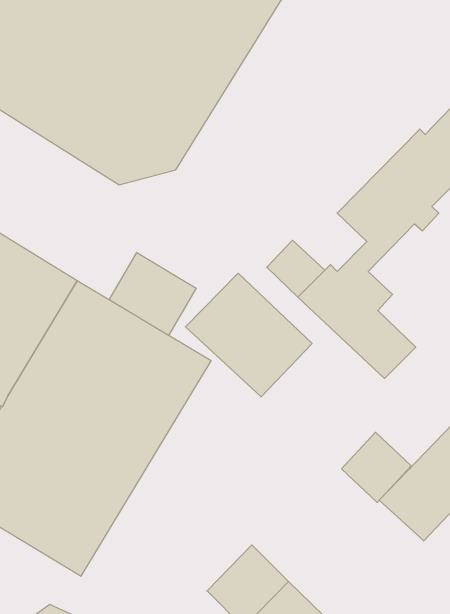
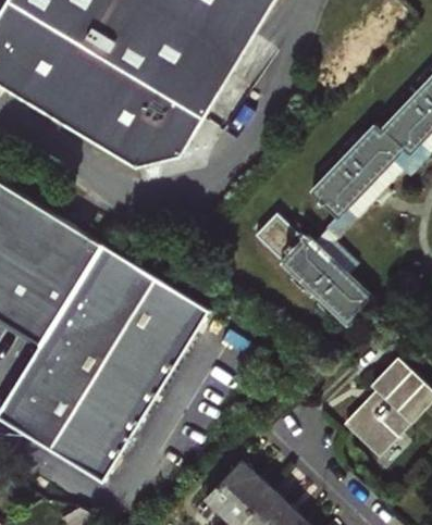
building: [109,252,196,335] -> none
building: [186,273,312,397] -> none
building: [342,432,411,502] -> none

